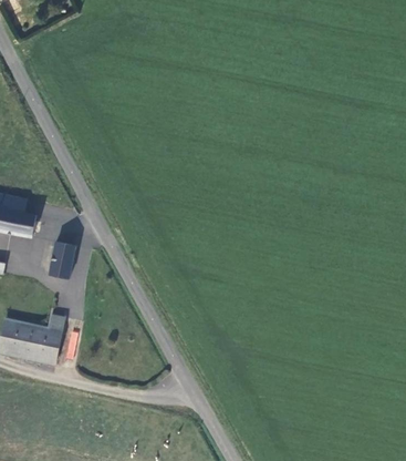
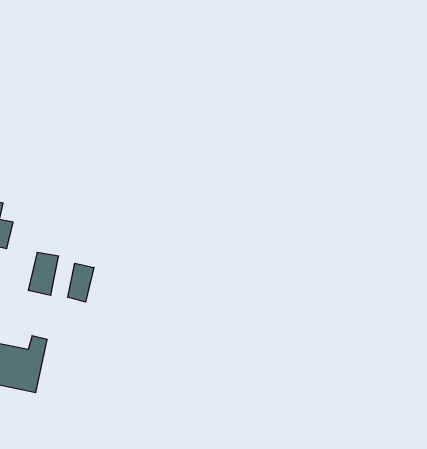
building: none -> [68,263,94,302]

